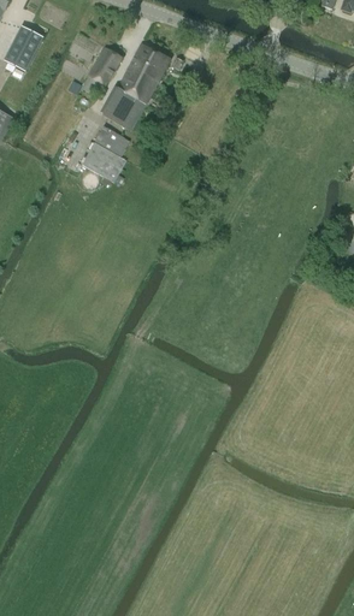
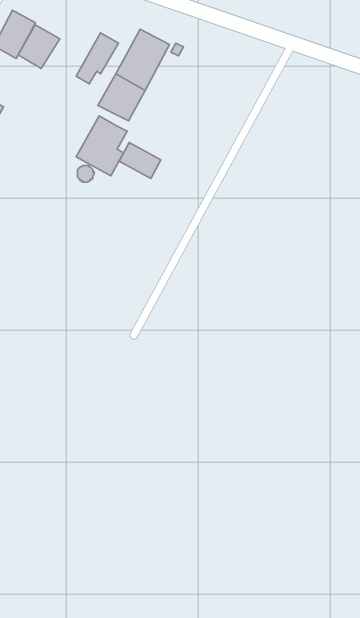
building: none -> [18,25,60,69]
building: none -> [119,142,161,179]

